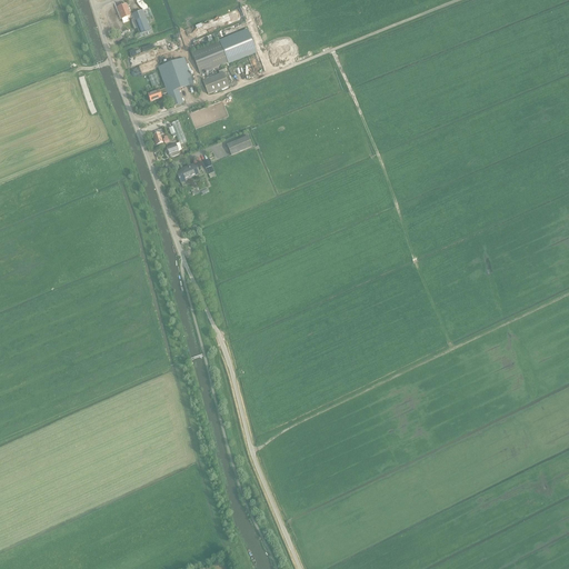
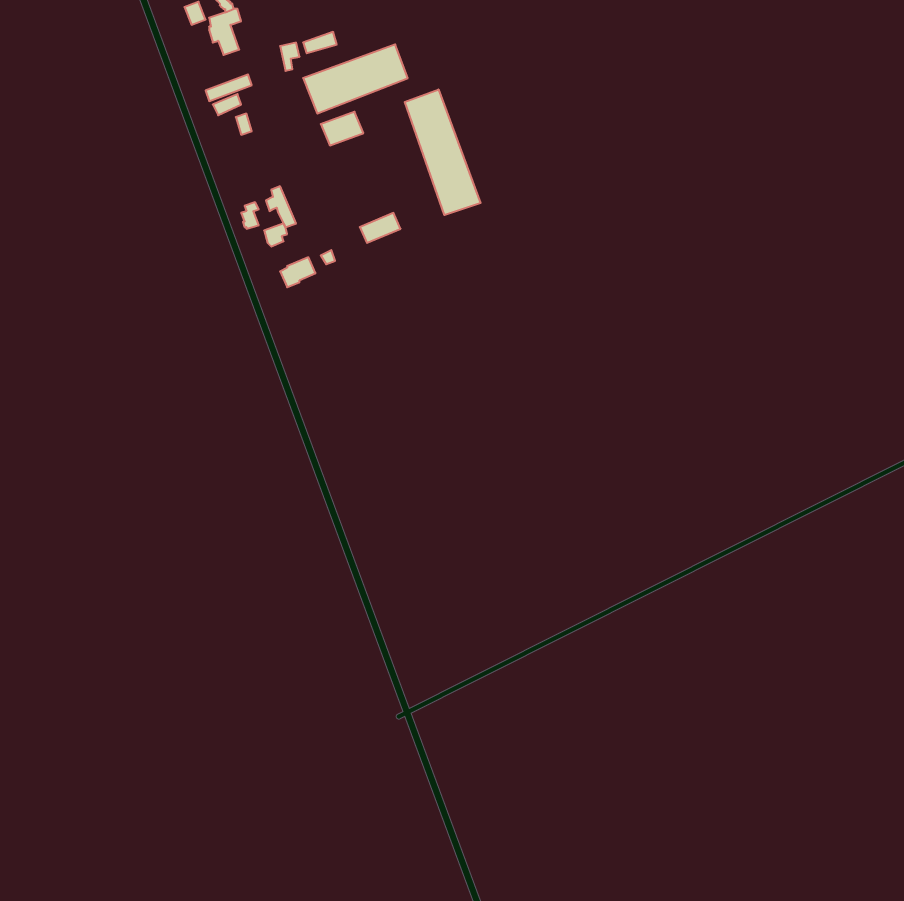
building: [147,56,192,103] -> none
building: none -> [405,89,481,215]

